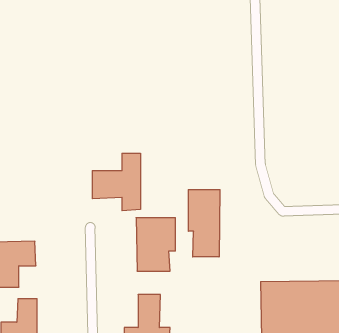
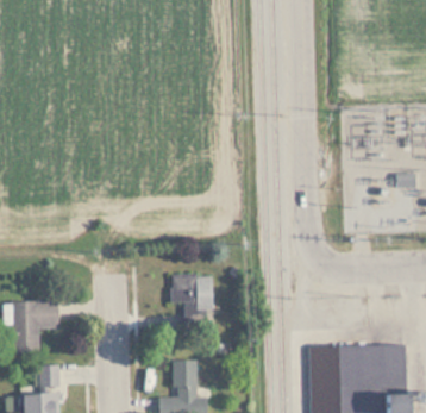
building: [92,153,140,211] -> none
building: [188,190,220,257] -> none

